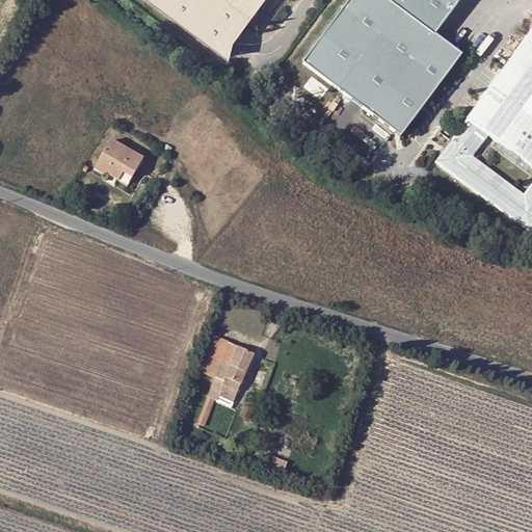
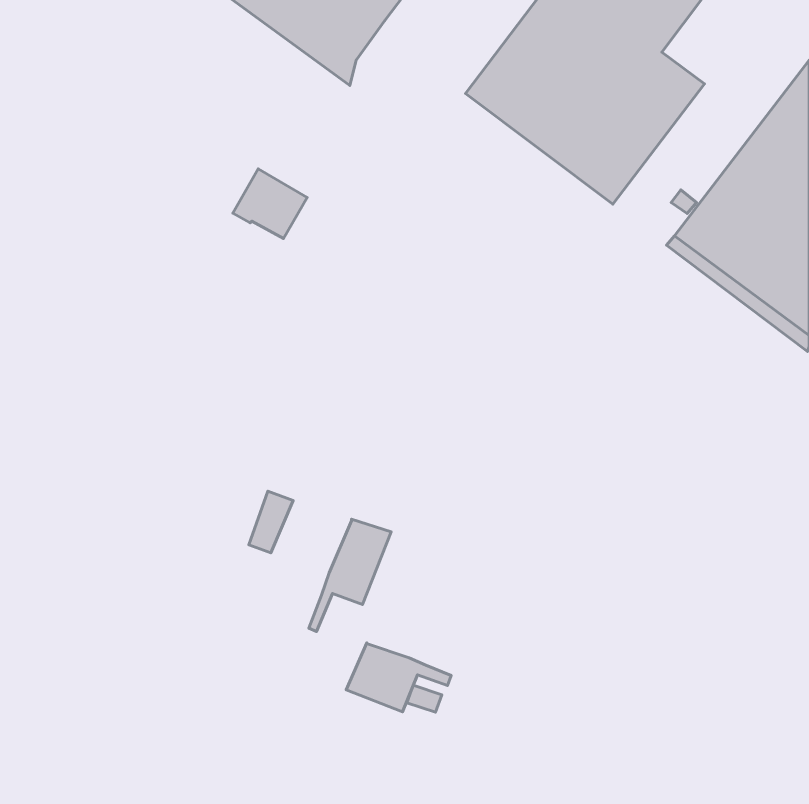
building: [90,138,139,184] -> [233,169,307,239]
building: [202,336,231,376] -> [249,491,293,553]
building: none -> [346,643,451,712]

